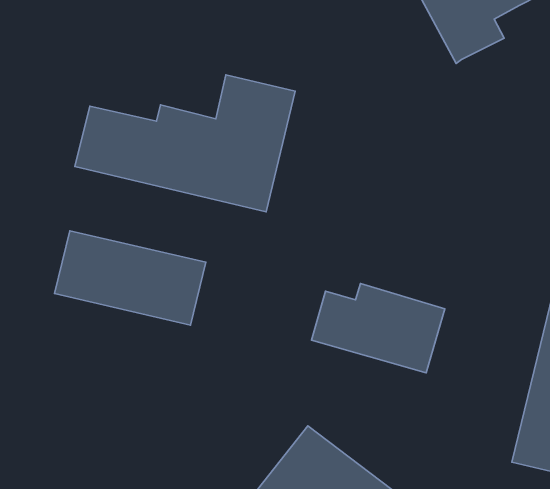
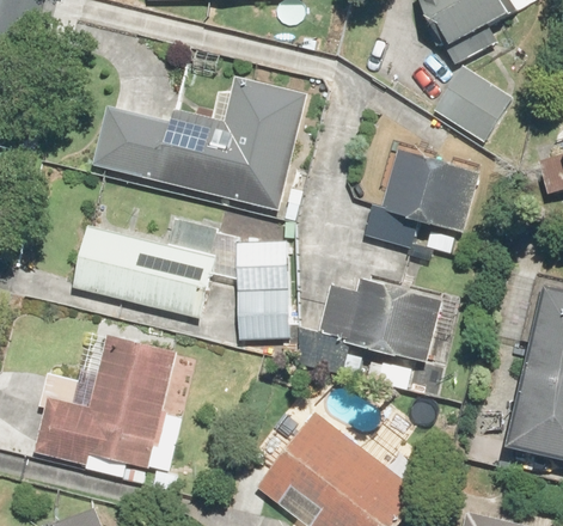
building: none -> [433,65,512,141]
building: none -> [365,146,484,244]
building: none -> [232,244,292,341]
building: none -> [29,338,173,467]

